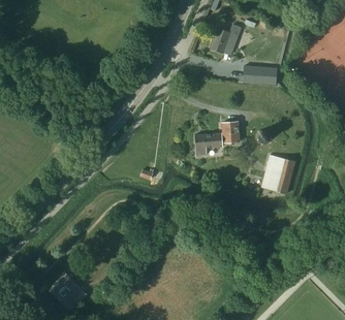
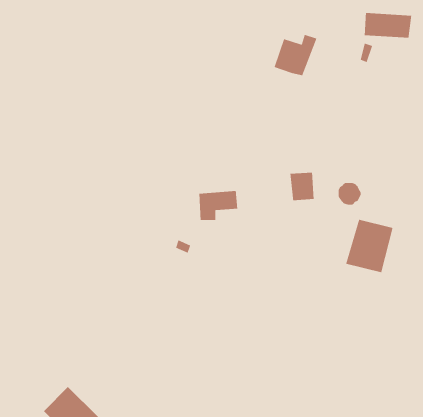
building: [244,66,278,85] -> [364,12,412,39]
building: [195,133,223,155] -> [198,190,238,221]

